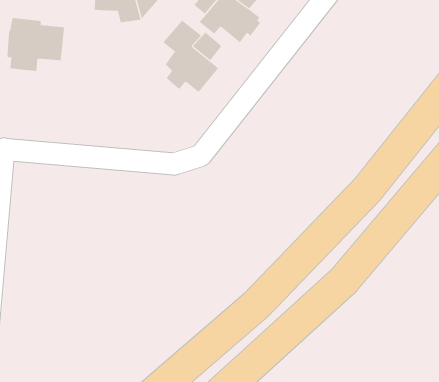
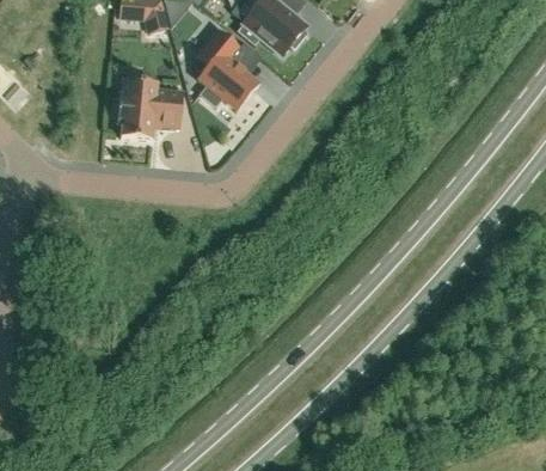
building: [6,17,65,72] -> [116,79,182,140]

